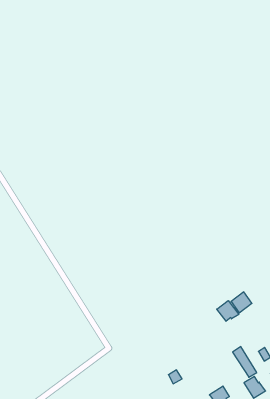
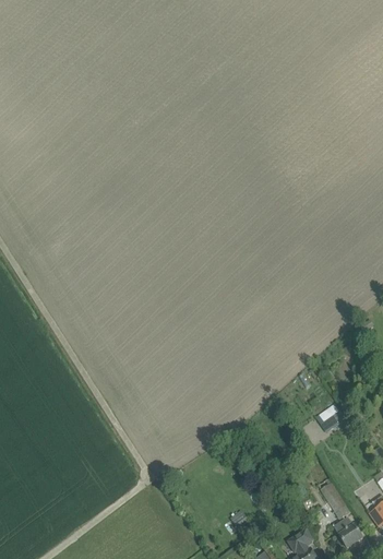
building: [217,301,239,321] -> none

